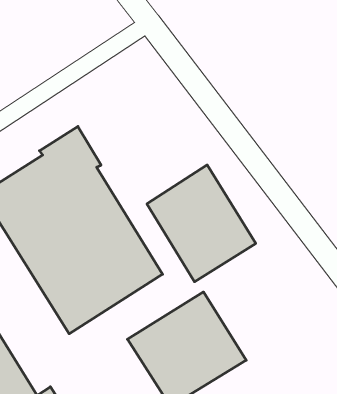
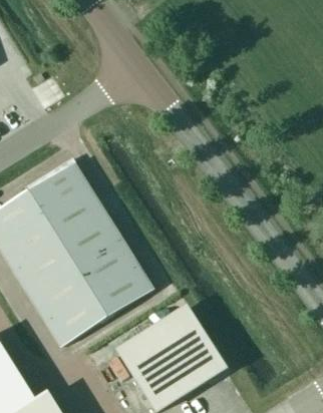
building: [147,165,256,282] -> none

